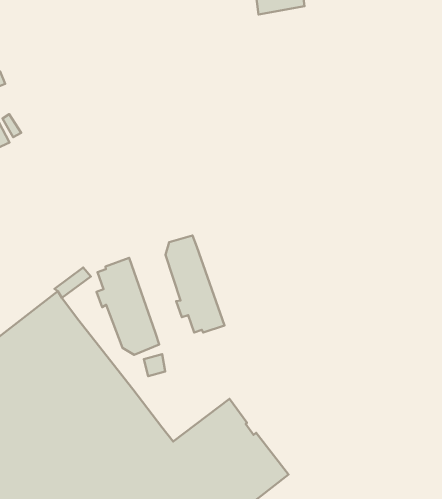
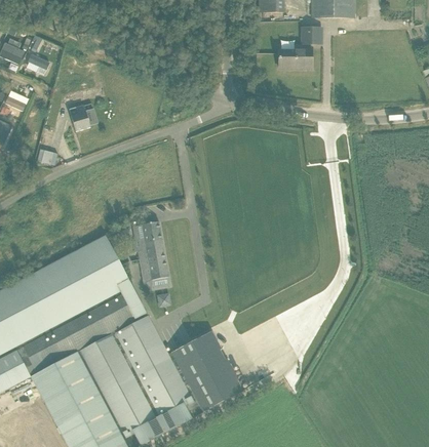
building: [165,235,225,333] -> none

